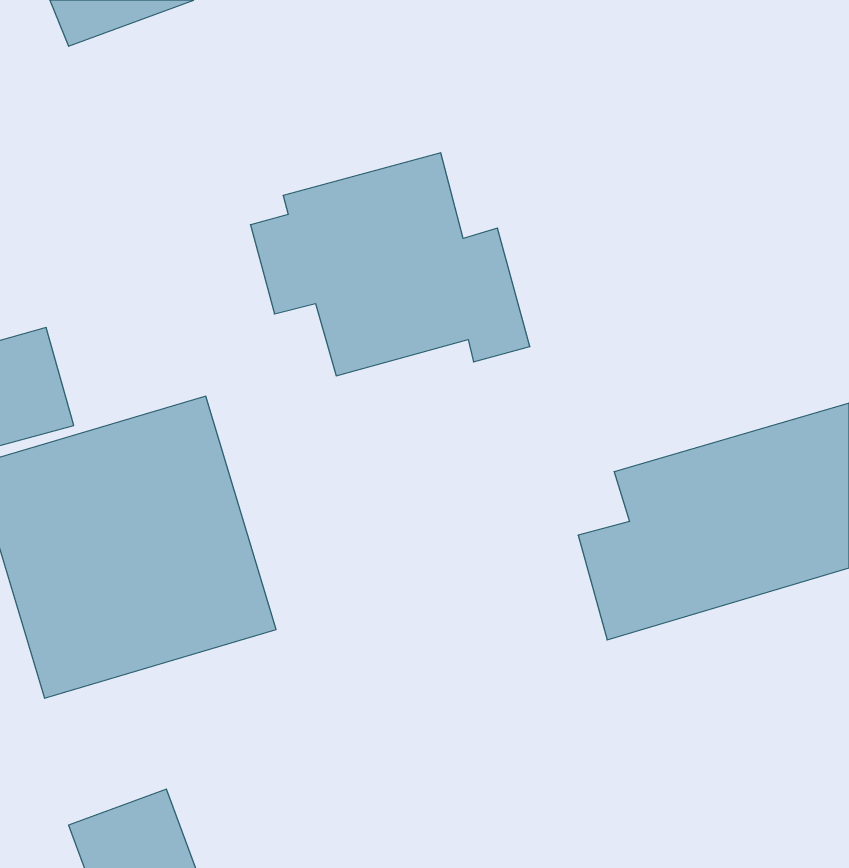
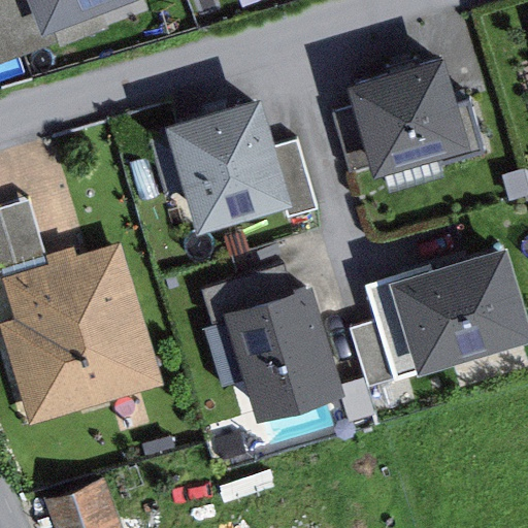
building: none -> [328,52,477,177]
building: none -> [227,285,349,423]

